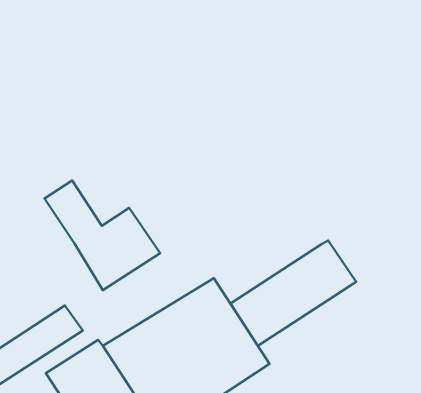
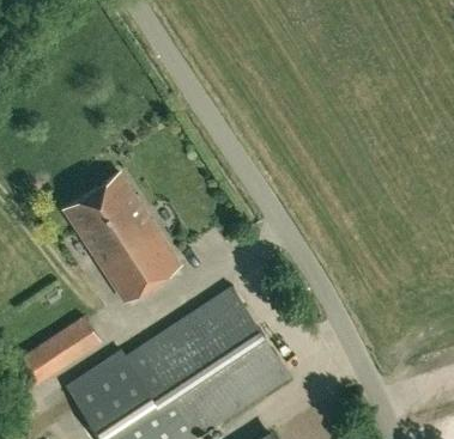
building: none -> [90,173,147,237]
building: [231,240,356,346] -> none

